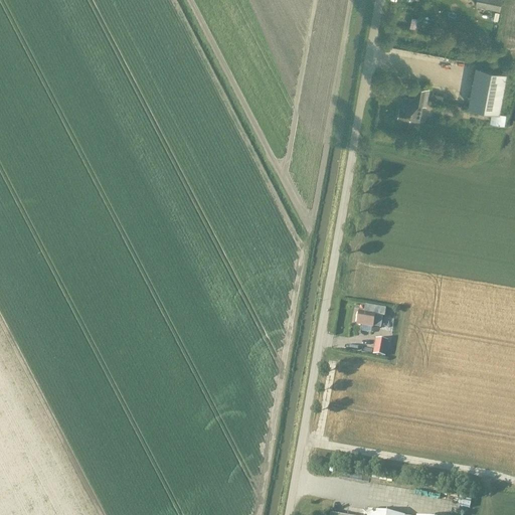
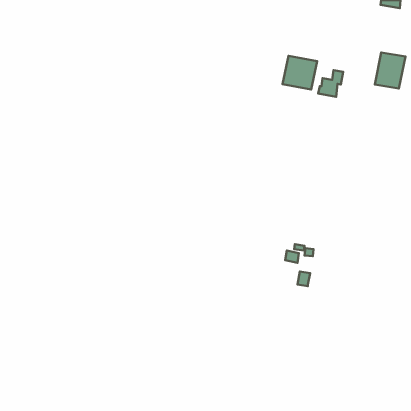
building: none -> [283,56,317,90]

